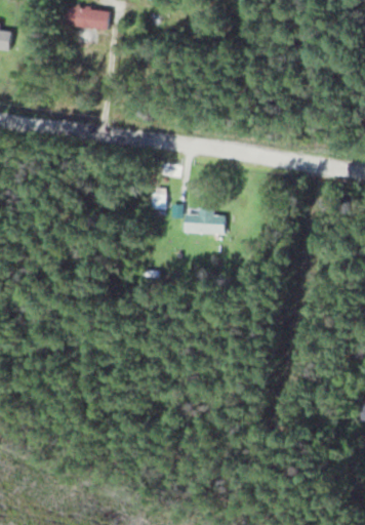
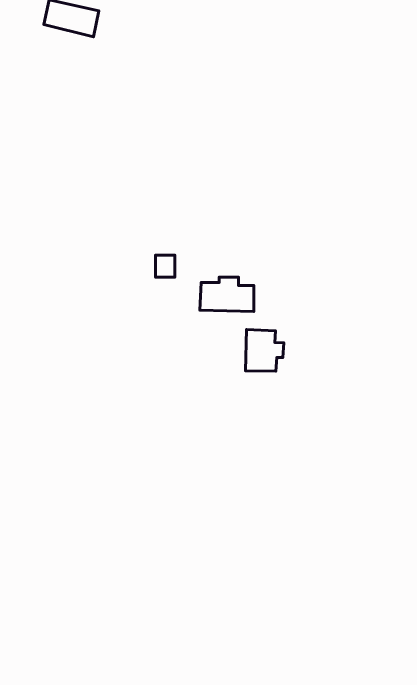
building: none -> [245,330,284,371]

